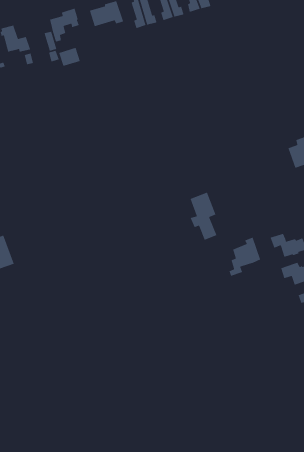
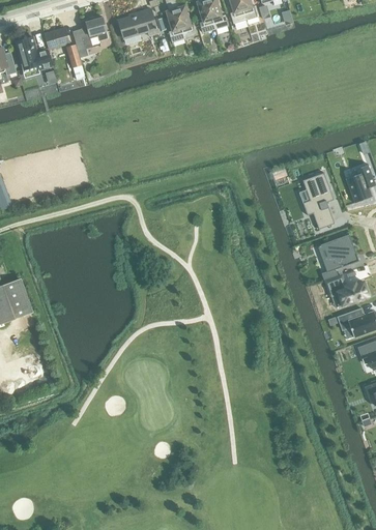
building: [58,47,81,67] -> [44,27,69,50]
building: [190,191,218,241] -> [301,172,334,229]
building: [229,236,261,277] -> [320,233,357,279]

